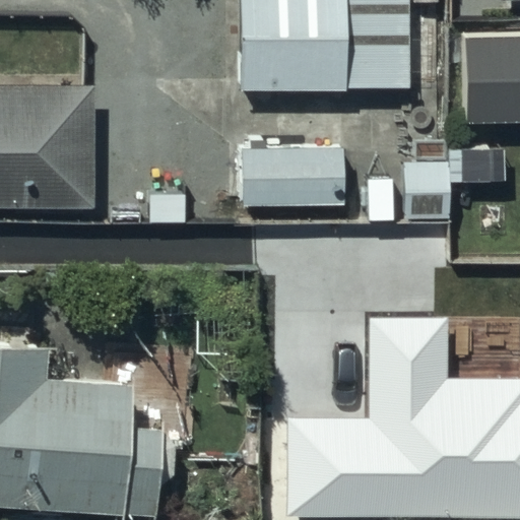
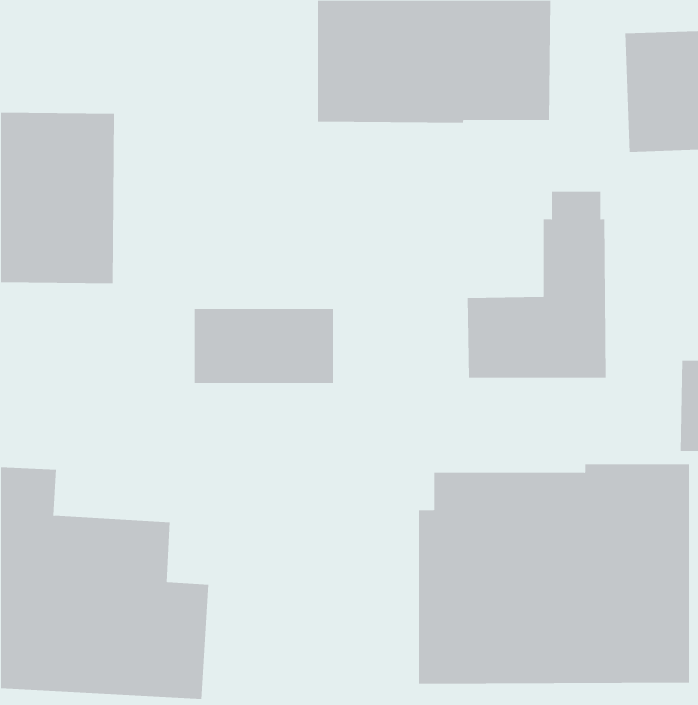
building: [243,150,345,205] -> [194,309,334,383]

